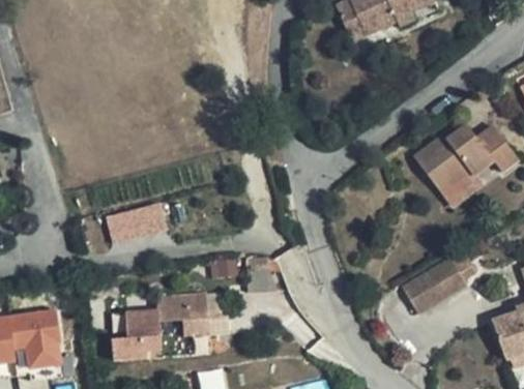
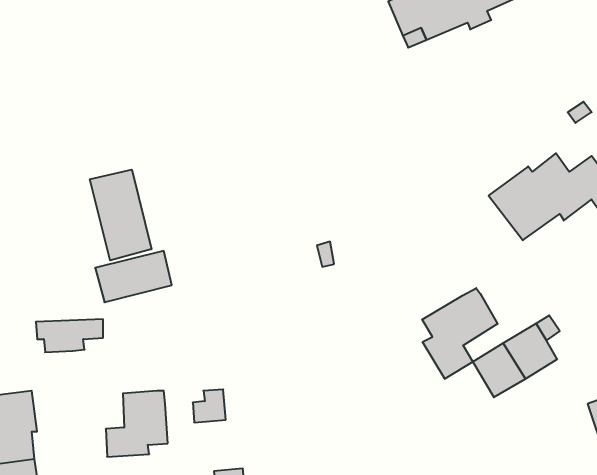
building: none -> [90,170,151,260]
building: none -> [422,288,498,379]
building: [154,295,207,321] -> [36,319,103,352]

